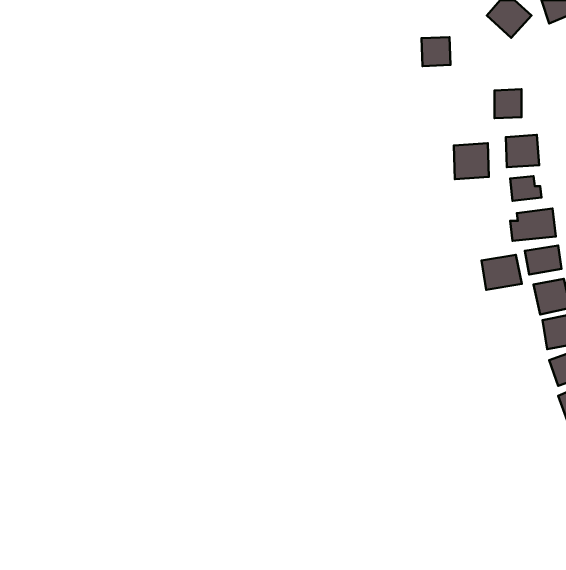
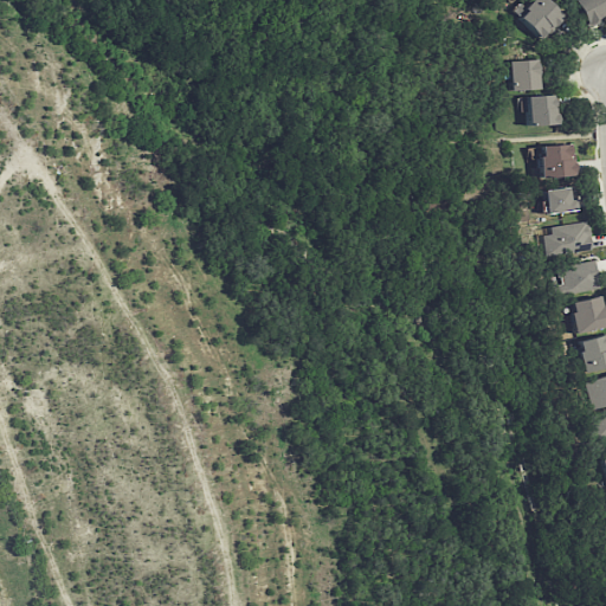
building: [421,37,450,66] -> [510,59,541,90]
building: [454,143,489,179] -> none
building: [482,255,522,290] -> none

